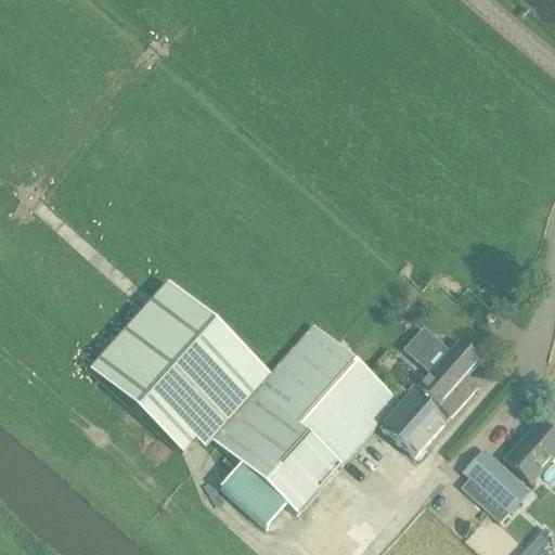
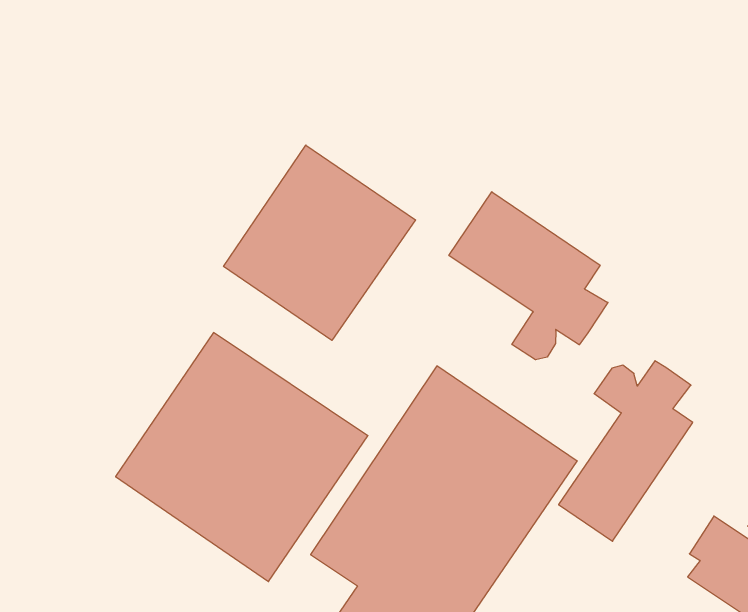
building: none -> [224,145,416,340]
building: none -> [449,192,608,360]

